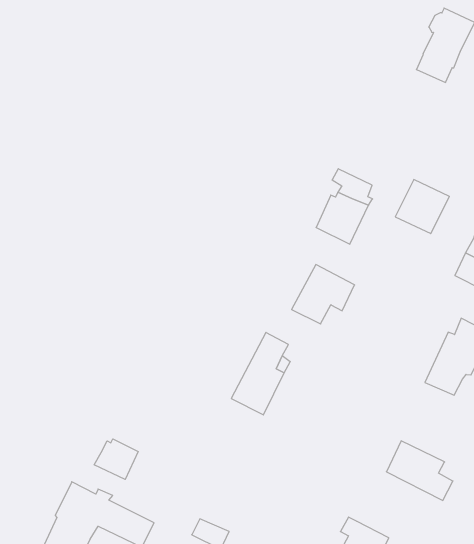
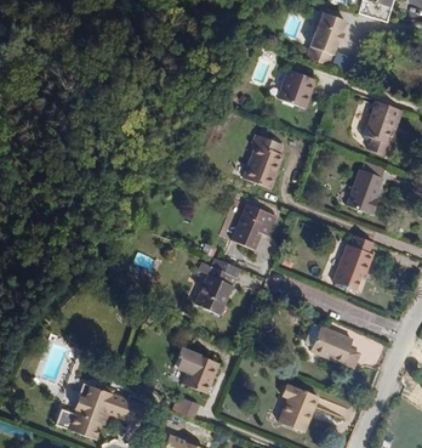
building: [395,180,449,234] -> [276,69,314,107]
building: [94,439,138,479] -> none
building: none -> [183,355,216,392]

